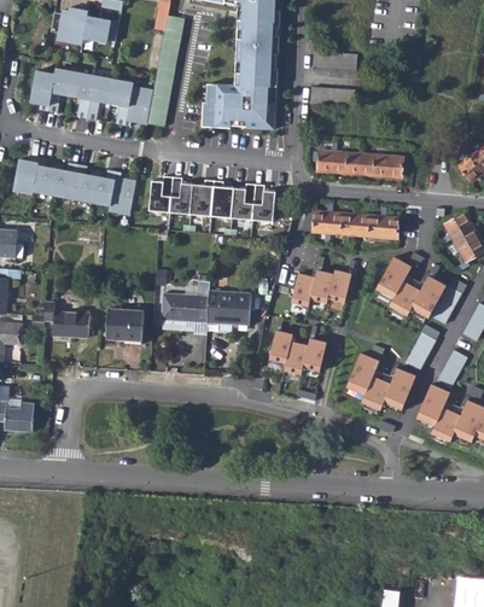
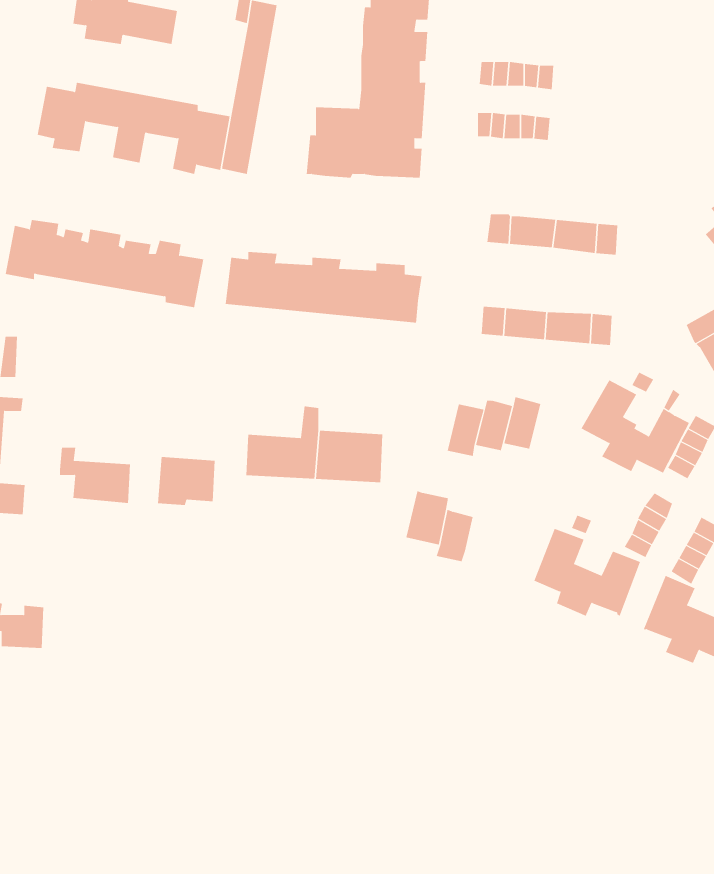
building: [303,339,326,373] -> none

